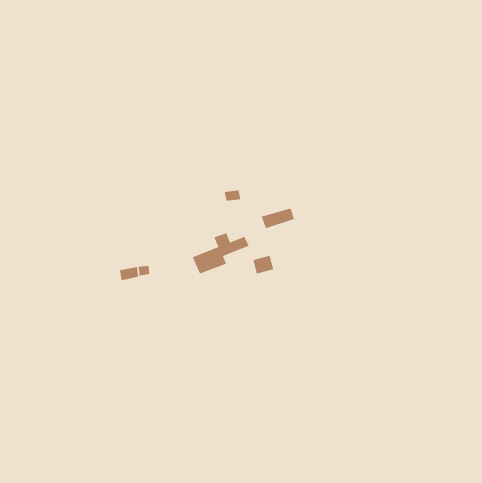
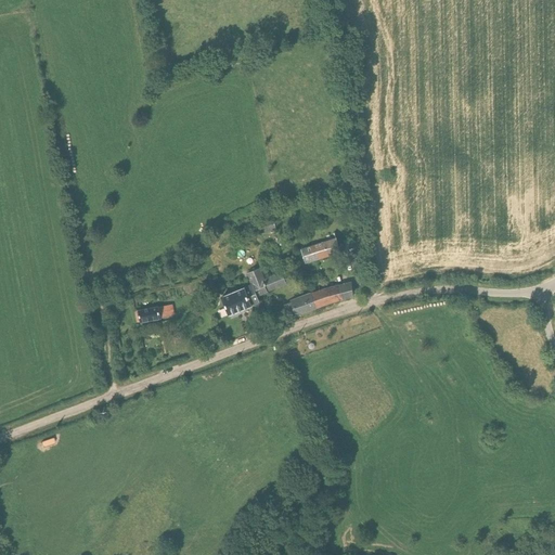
building: none -> [310,281,356,309]

